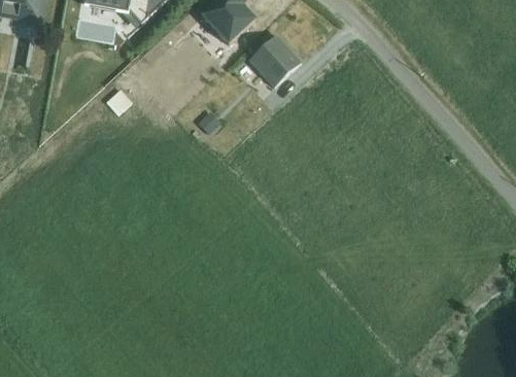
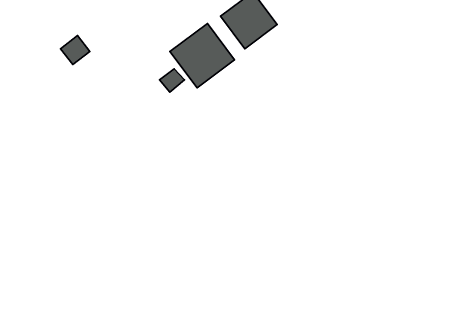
building: none -> [170,23,235,88]

